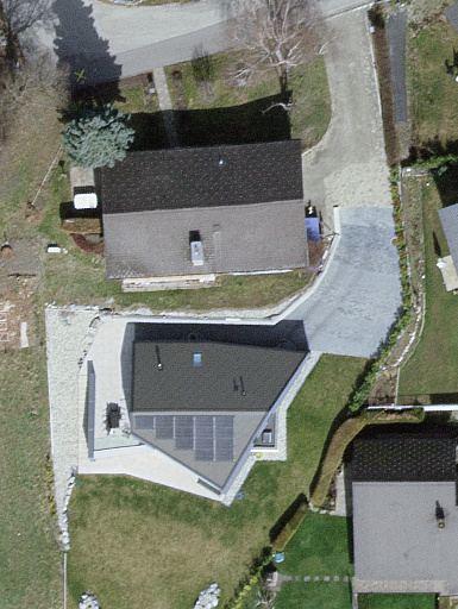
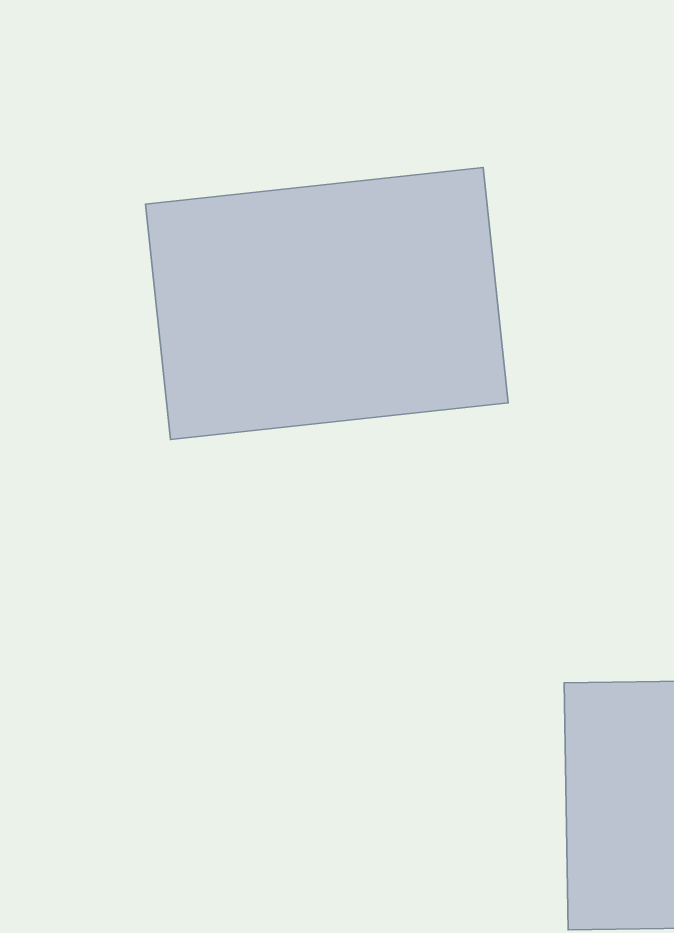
building: [132,338,307,488] -> none

